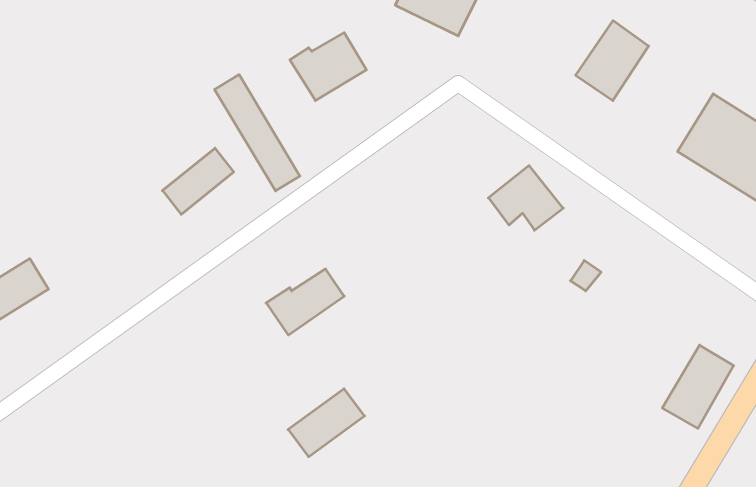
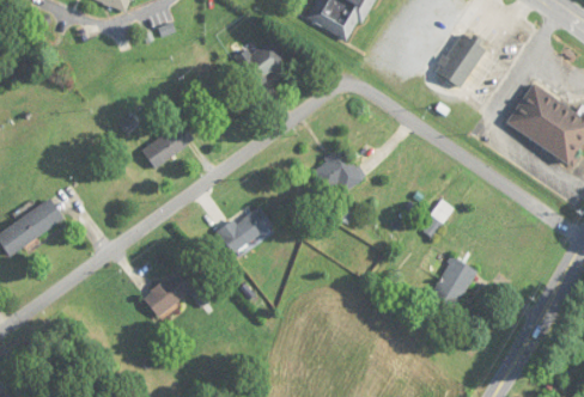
building: [215,75,300,191] -> none
building: [488,166,563,230] -> [312,147,365,193]
building: [662,345,734,428] -> [426,256,476,314]
building: [288,389,365,457] -> [142,268,196,316]

